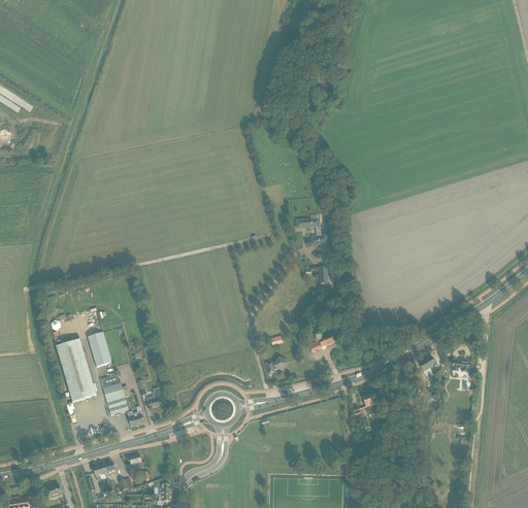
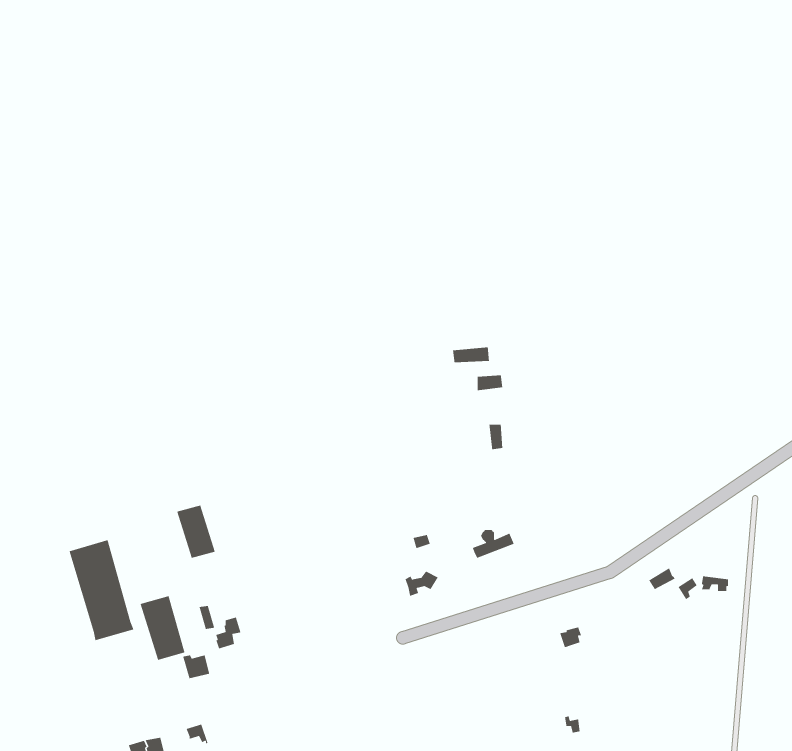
building: [87,332,111,366] -> [176,505,216,559]

